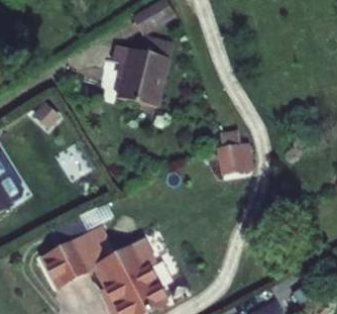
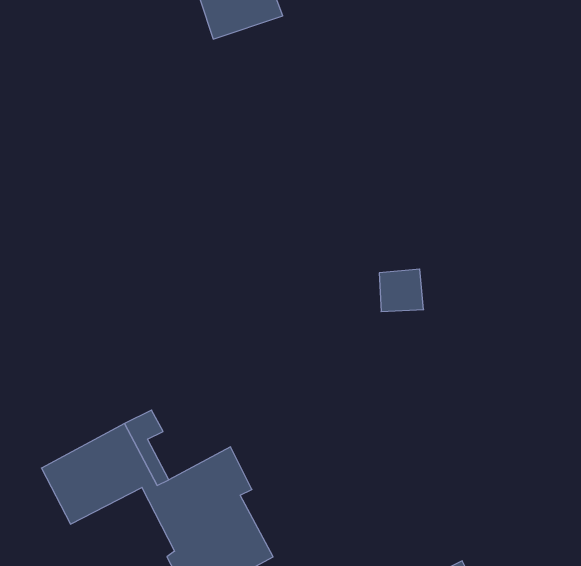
building: [110,40,172,101] -> none

